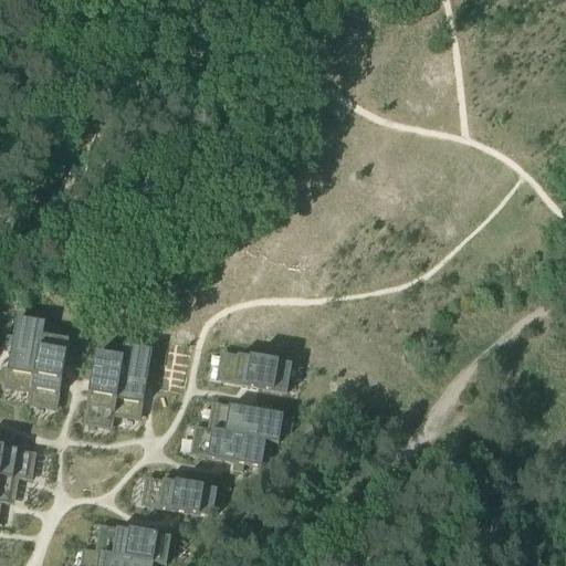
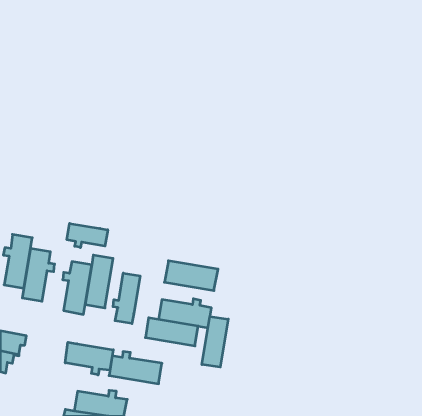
building: none -> [67,223,108,248]
building: none -> [113,273,140,324]
building: none -> [202,317,228,367]
building: none -> [65,342,113,375]

